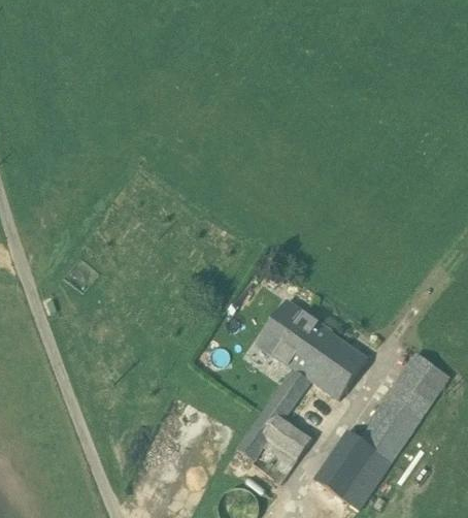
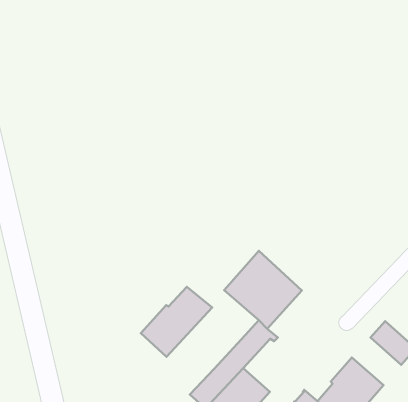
building: [303,333,368,399] -> none
building: none -> [141,287,212,357]
building: [389,370,437,415] -> none

